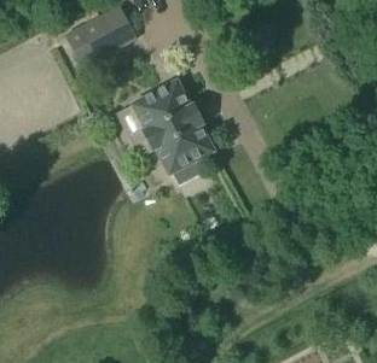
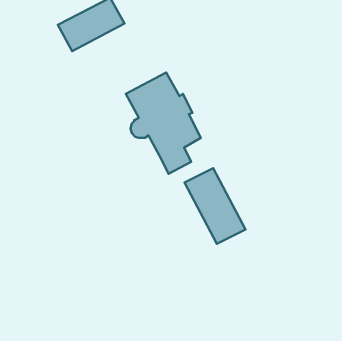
building: none -> [184,168,246,244]

